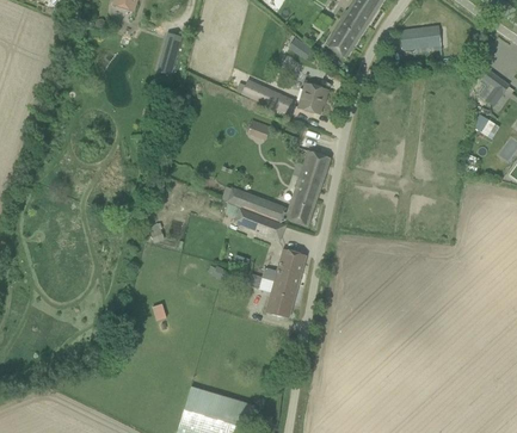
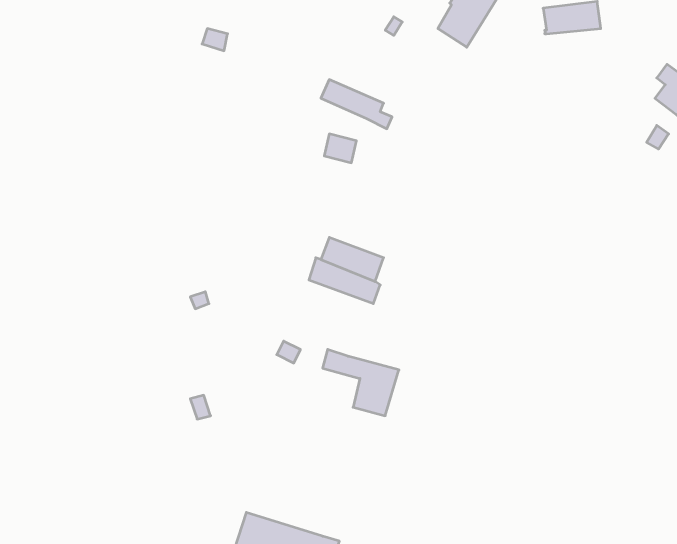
building: [298,82,328,113] -> none
building: [285,149,331,225] -> none
building: [263,248,307,285] -> none

